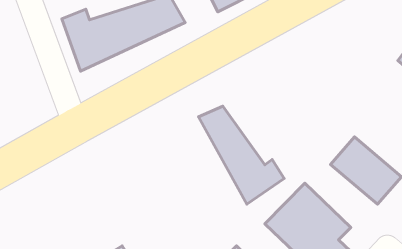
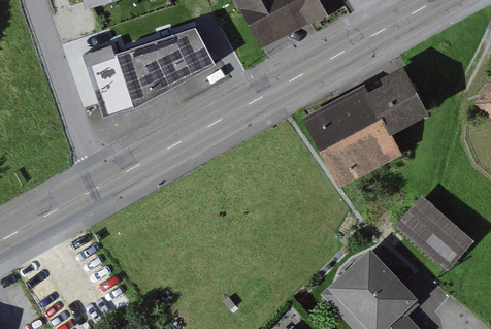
building: none -> [309,66,434,183]
building: [199,106,284,204] -> none

